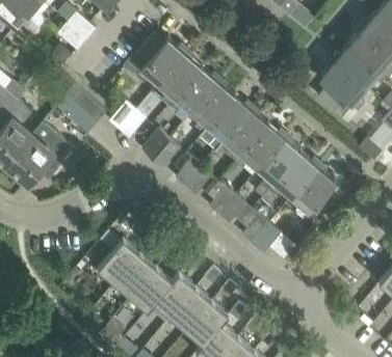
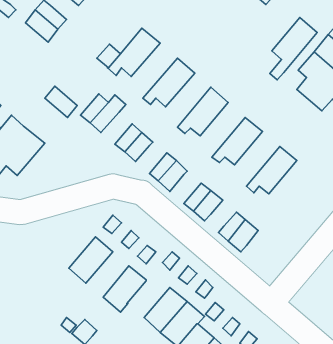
building: [158,52,203,105] -> none
building: [191,81,235,133] -> none
building: [225,109,268,162] -> none
building: [256,137,302,197] -> [270,17,317,80]
building: [291,165,336,219] -> none
building: [114,253,156,297] -> none
building: [154,273,195,317] -> none

